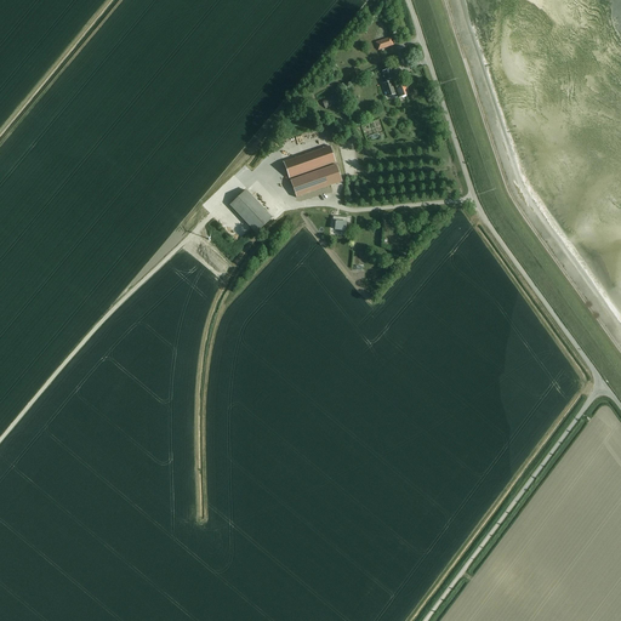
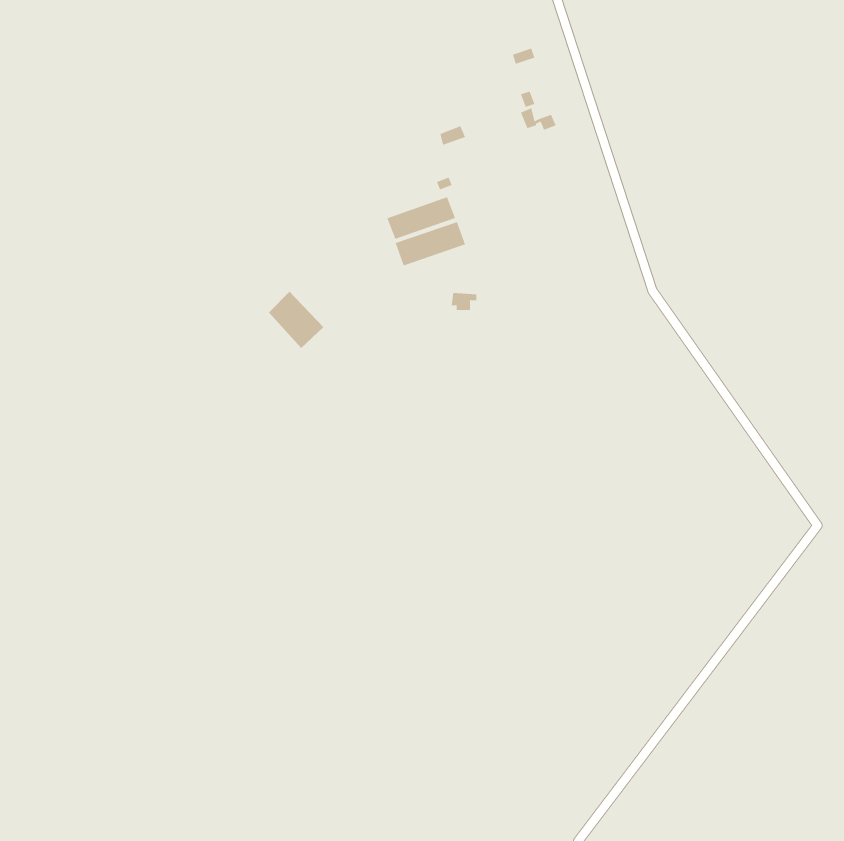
building: [230,188,272,230] -> [268,291,324,349]

